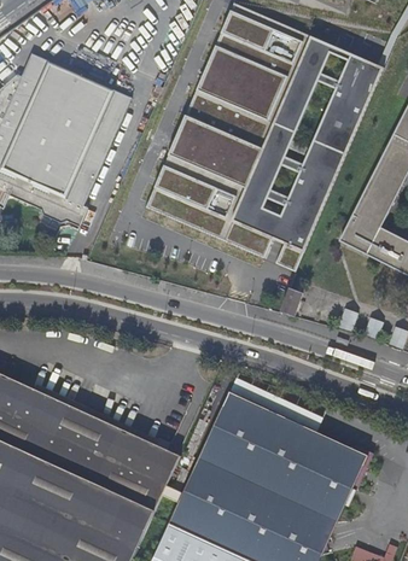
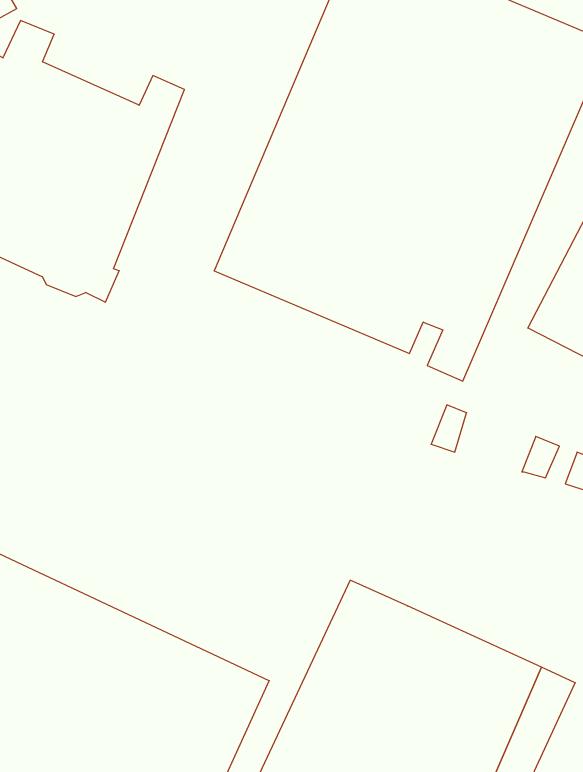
building: [41,60,109,104] -> none

